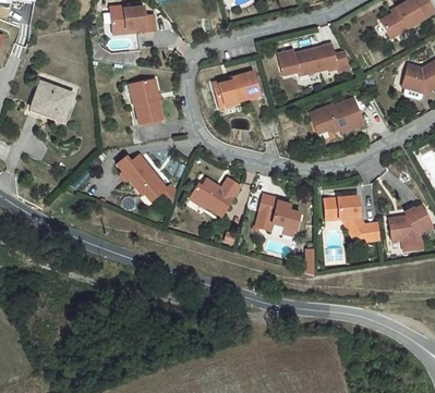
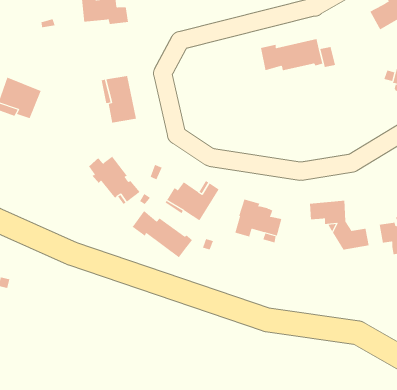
building: [215,72,261,107] -> none
building: [311,98,364,133] -> none
building: none -> [132,210,193,258]

